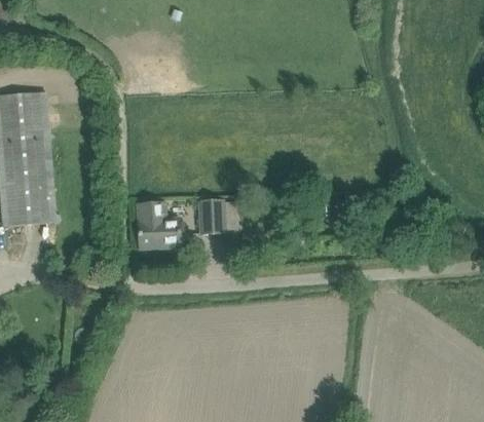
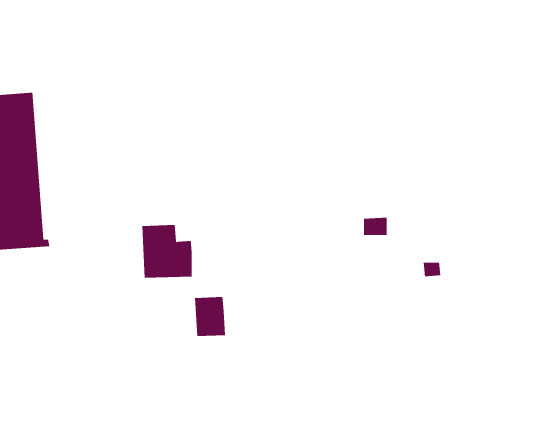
building: [198,200,225,234] -> [194,296,226,337]

